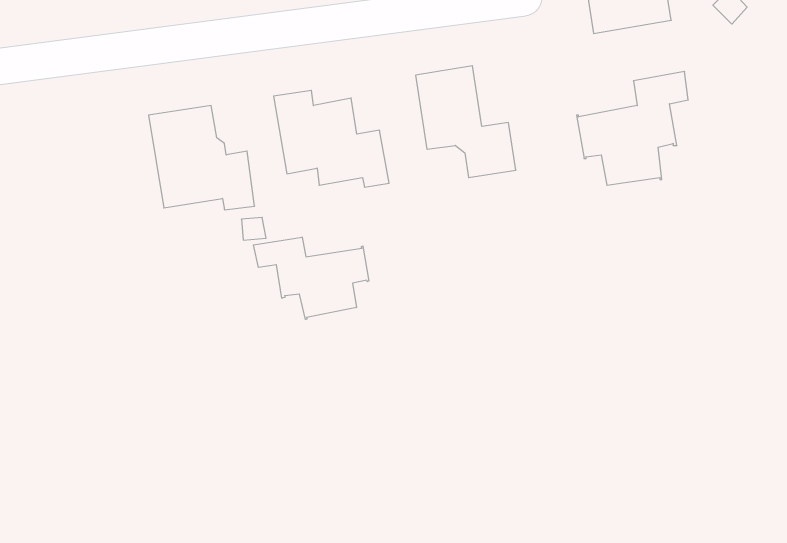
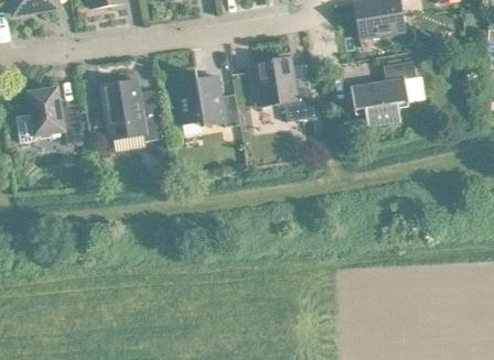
building: none -> [28,87,84,143]
building: [253,237,369,319] -> none

